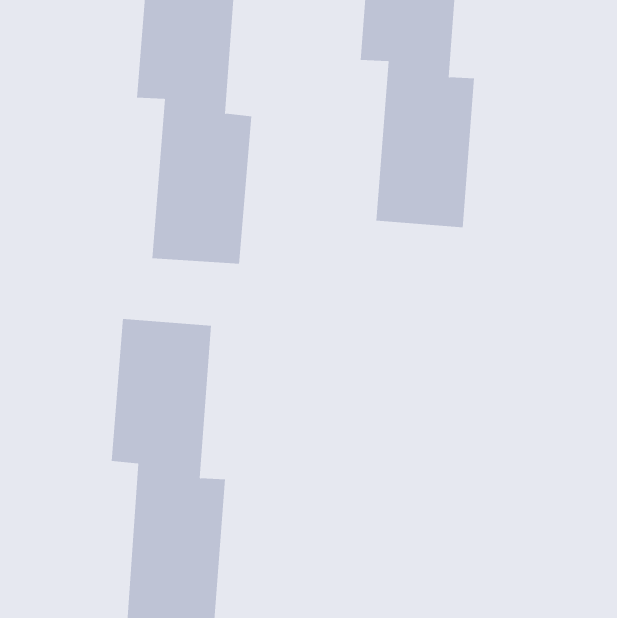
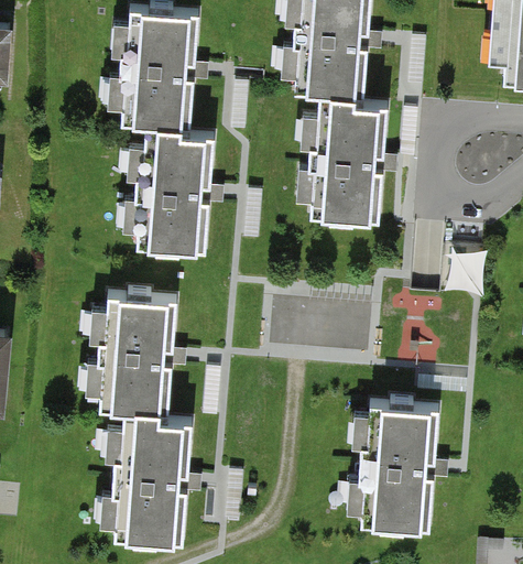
building: none -> [356,405,437,528]

